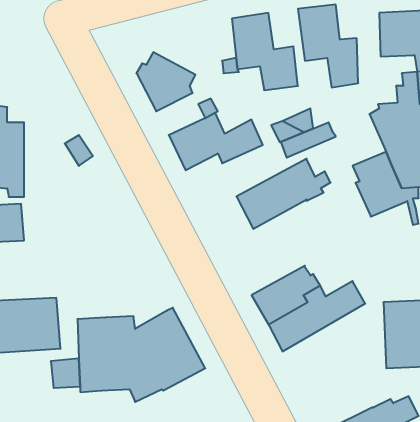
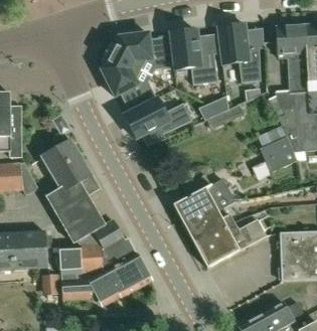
building: none -> [114,32,153,70]
building: [236,159,331,229] -> [172,178,240,228]
building: none -> [40,140,124,253]

